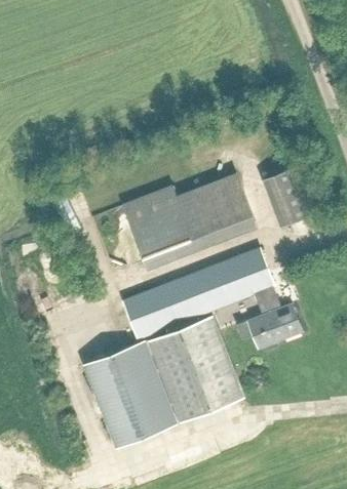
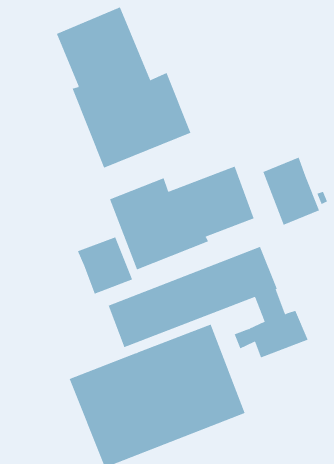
building: none -> [56,7,191,169]
building: none -> [77,236,133,294]

